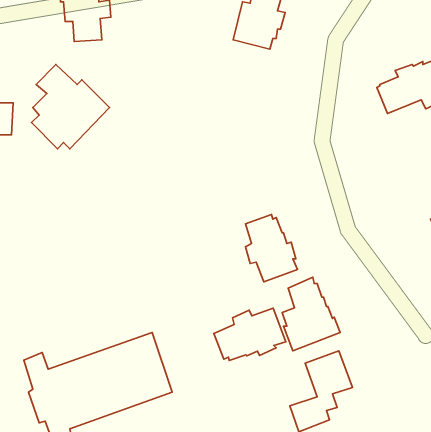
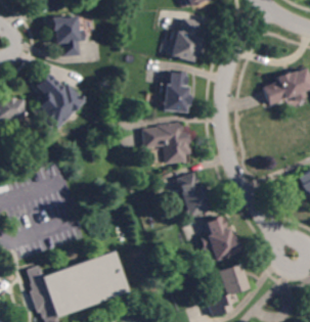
building: none -> [161,71,190,112]
building: none -> [142,122,191,164]
building: [214,308,286,360] -> none

